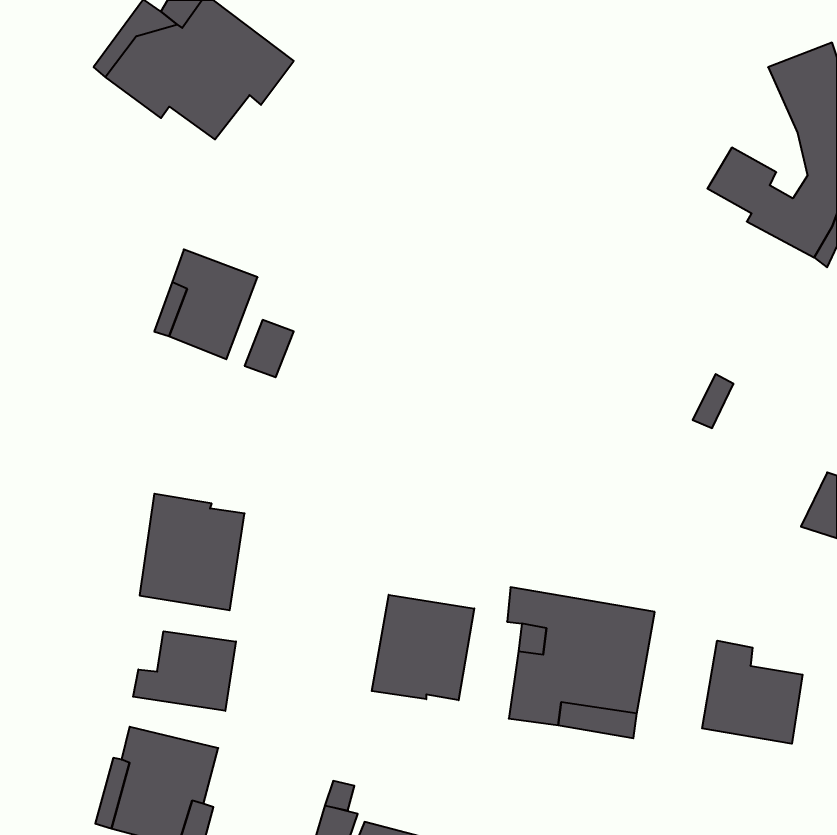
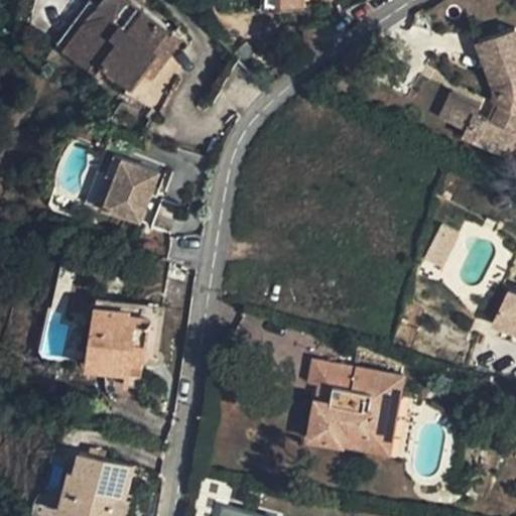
building: [372,595,474,700] -> none
building: [133,631,236,711] -> none
building: [702,641,803,744] -> none

